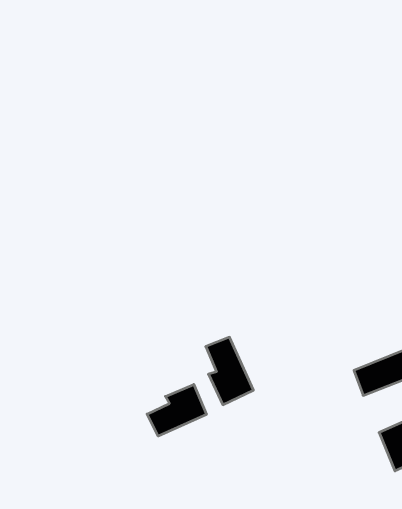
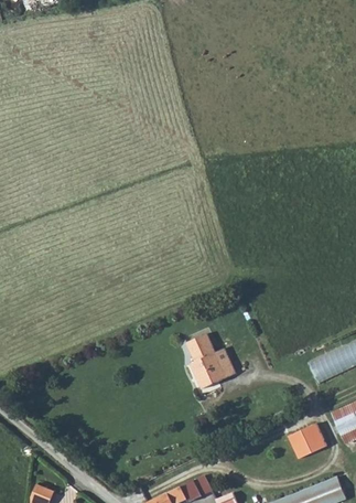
building: [147,384,206,436] -> none
building: none -> [288,422,324,458]

